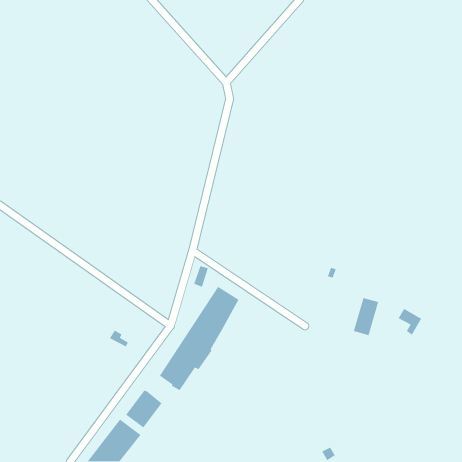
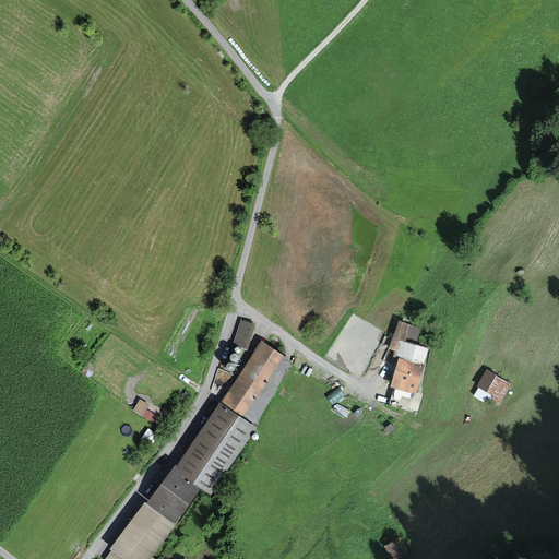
building: [353,297,379,336] -> [392,342,424,389]
building: none -> [178,452,216,489]

